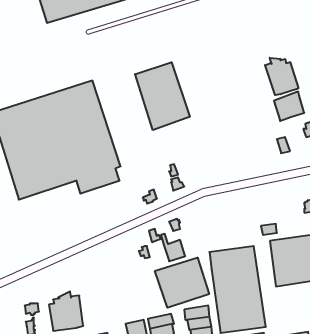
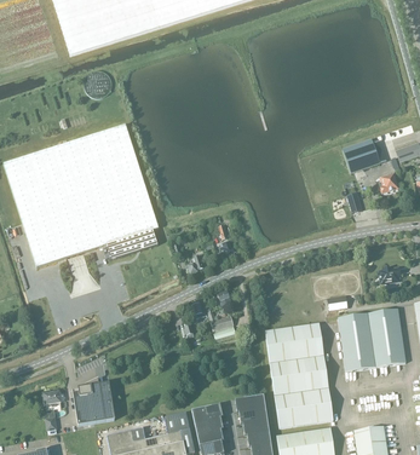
building: [265,58,298,95] -> none
building: [135,62,190,130] -> none
building: [155,258,209,308] -> none

